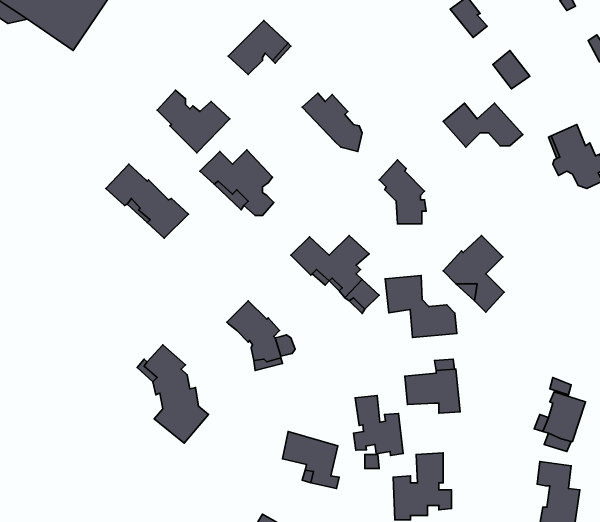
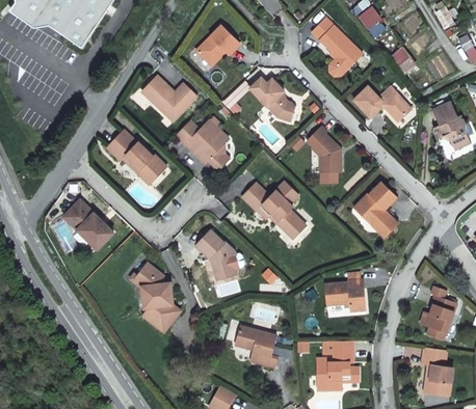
building: none -> [311,19,363,77]
building: none -> [62,199,113,249]
building: [385,275,457,337] -> none
building: [353,395,403,456] -> none

